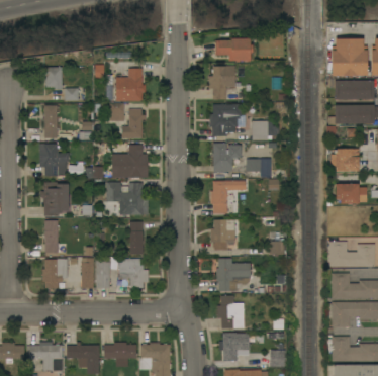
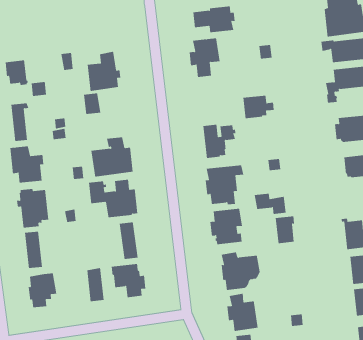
building: [209,103,245,135] -> none
building: [121,109,146,138] -> none
building: [246,158,273,177] -> [254,193,286,214]
building: [79,258,94,288] -> none

